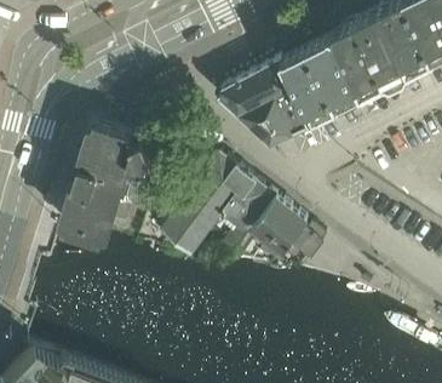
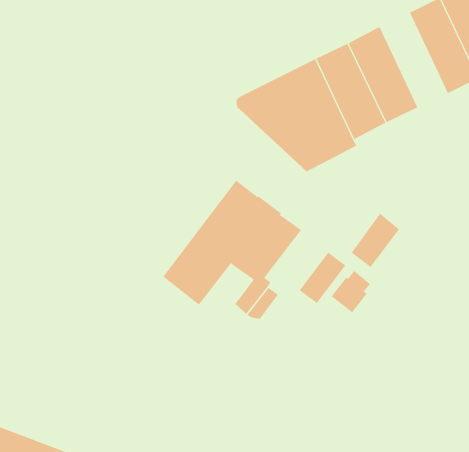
building: [334,25,388,101] -> none
building: [63,130,161,241] -> none
building: [254,201,293,245] -> [351,213,400,268]

